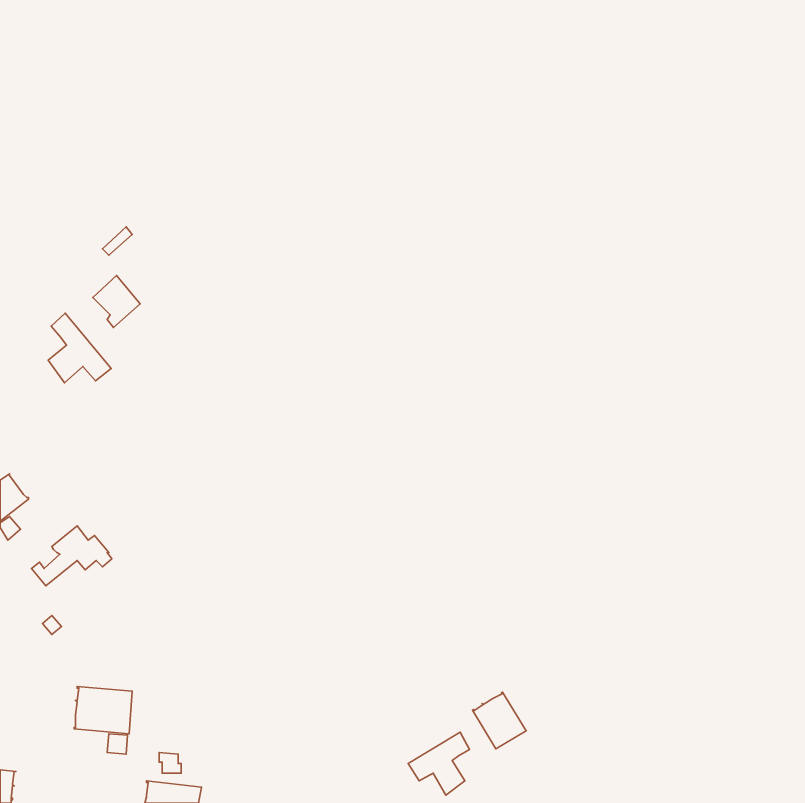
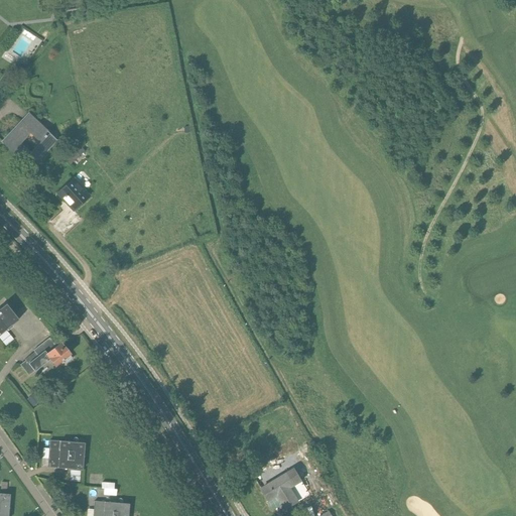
building: none -> [6,114,57,168]
building: [48,313,111,383] -> none
building: [472,692,526,749] -> none

